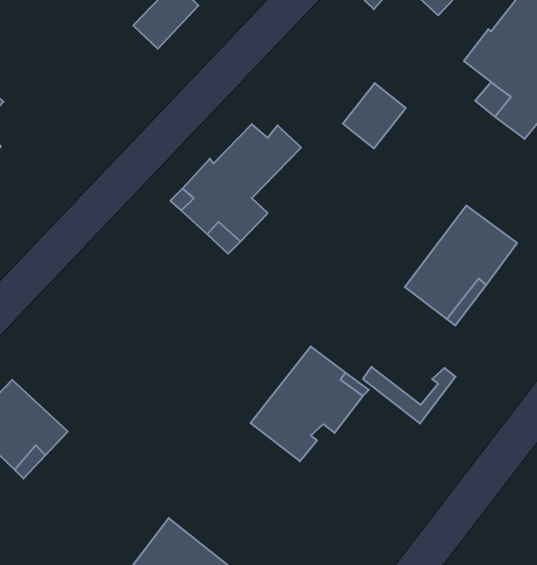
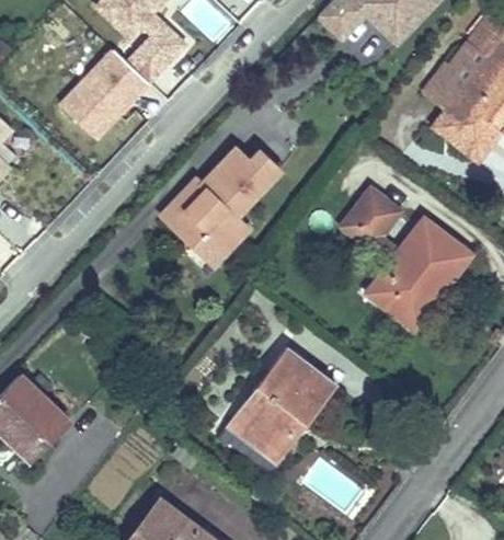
building: none -> [61,47,150,137]
building: [343,83,406,148] -> [344,187,400,245]
building: [363,367,456,424] -> [225,413,307,463]

